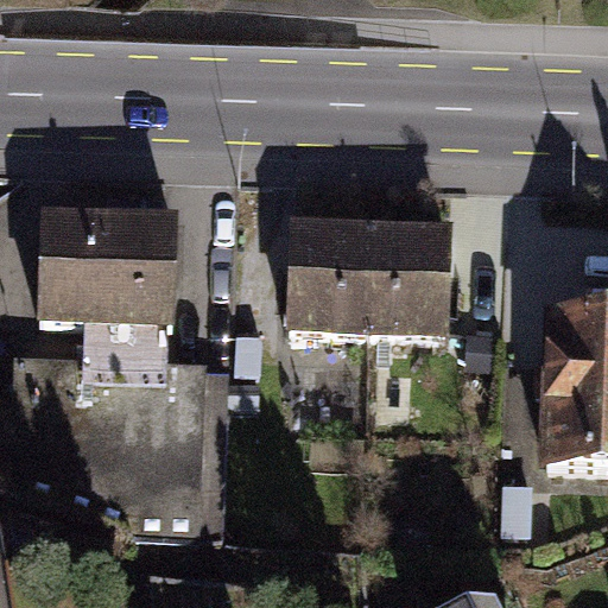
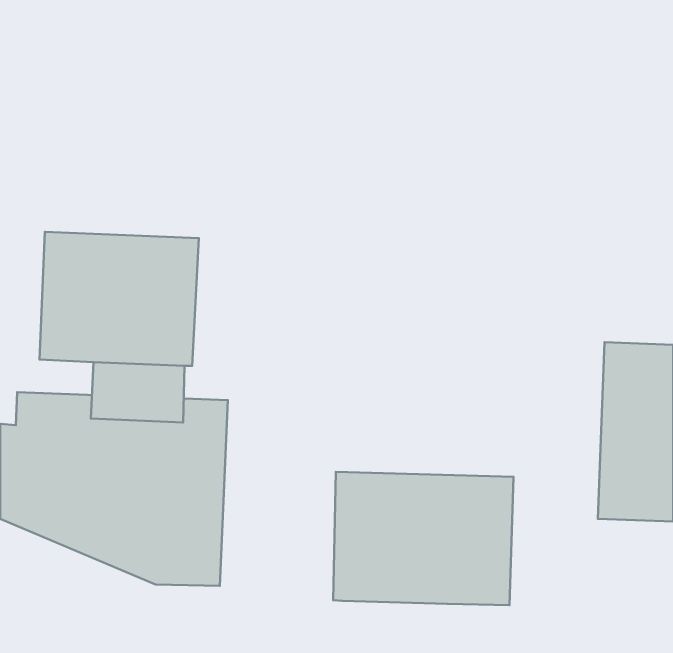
building: [286,217,454,338] -> none
building: none -> [333,472,514,605]

